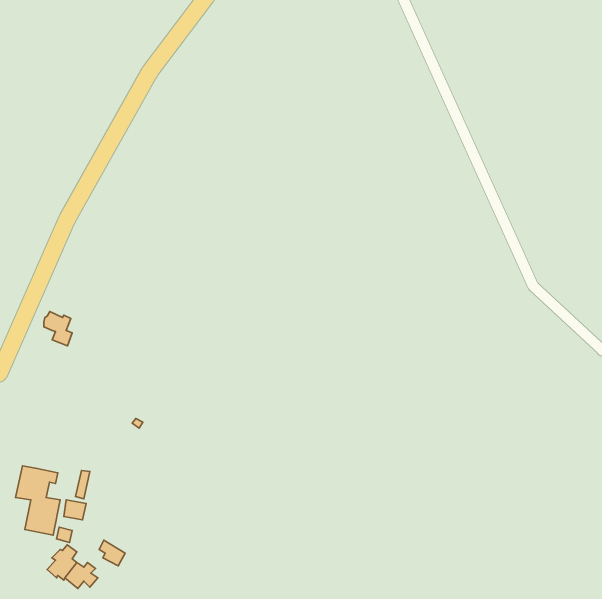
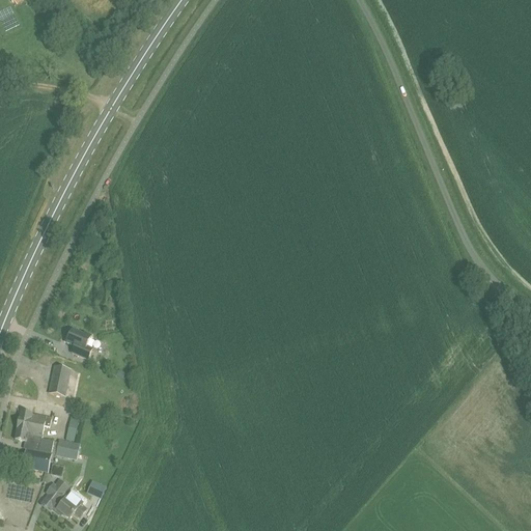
building: [44,312,72,346] -> [66,328,91,358]
building: none -> [48,364,71,395]

